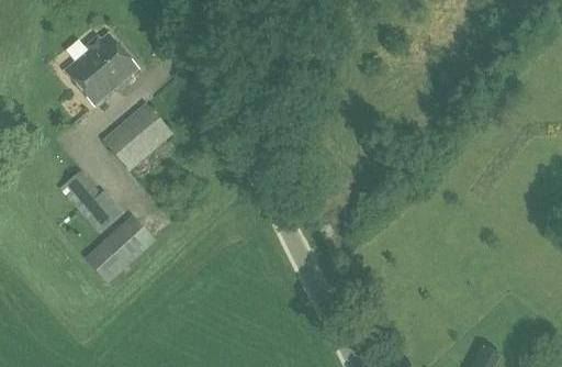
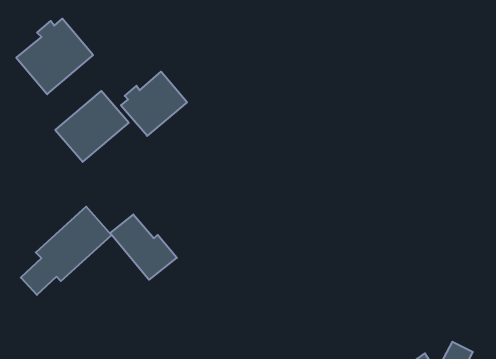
building: none -> [121,72,187,136]
building: [60,170,124,233] -> [110,214,177,280]

